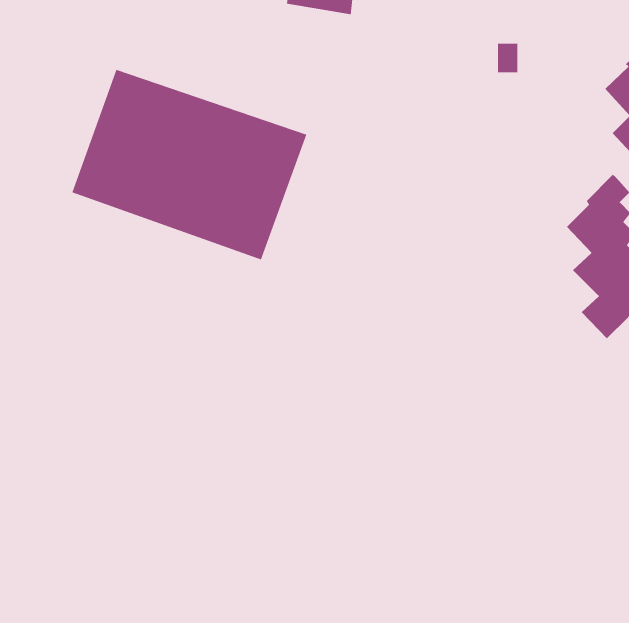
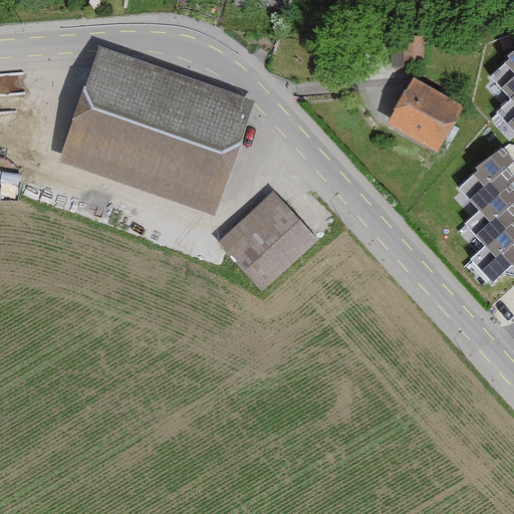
building: none -> [391,79,467,153]
building: none -> [217,189,317,289]

